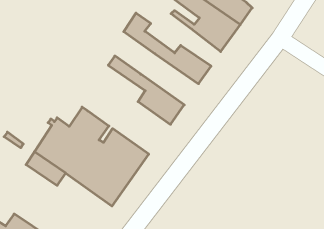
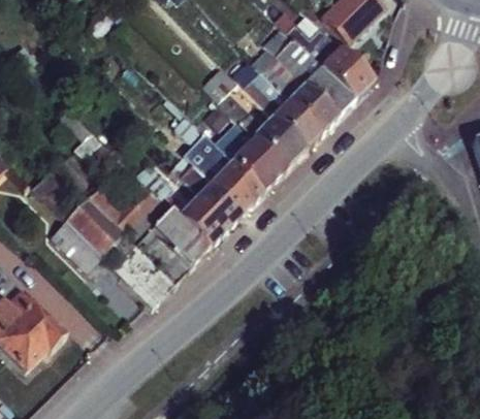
building: none -> [252,74,322,148]
building: none -> [216,120,287,191]
building: none -> [140,156,243,246]

